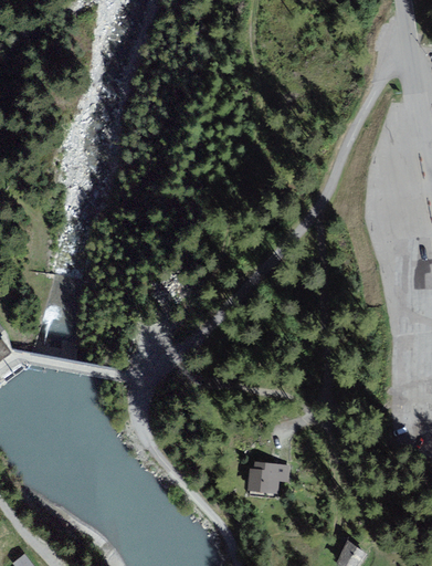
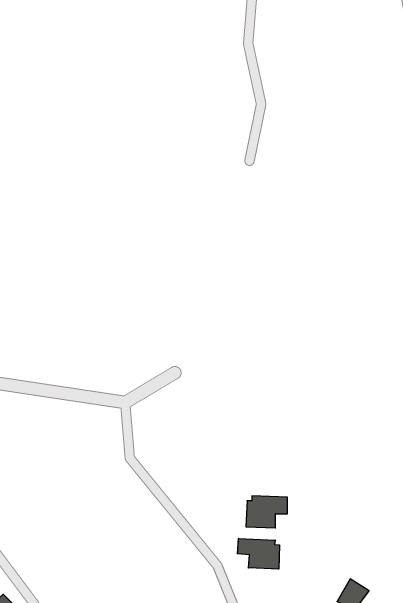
building: none -> [237,538,279,569]

